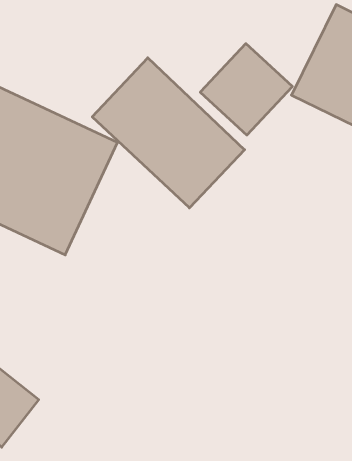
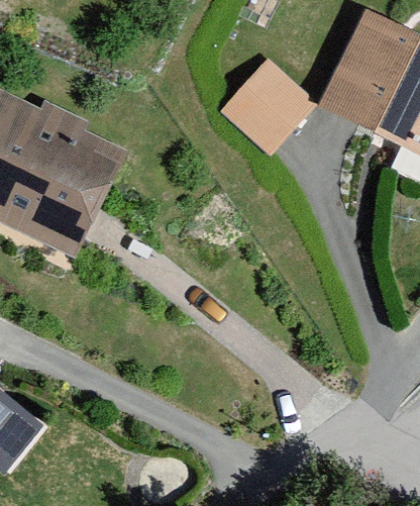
building: [92,58,245,208] -> none

